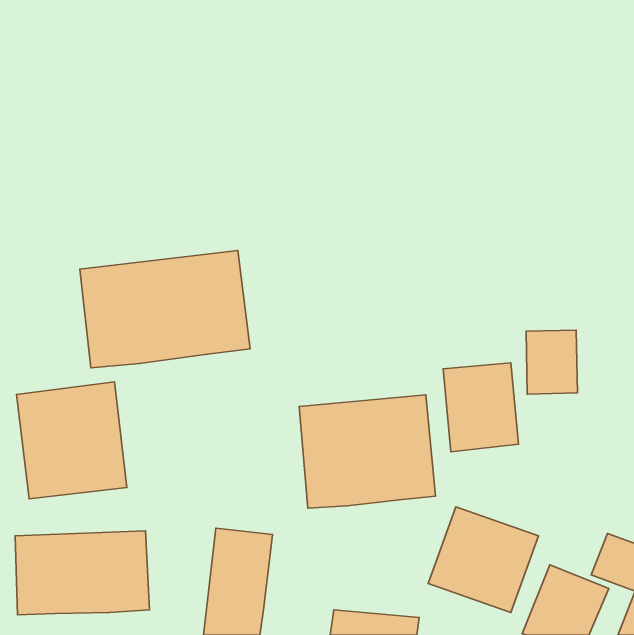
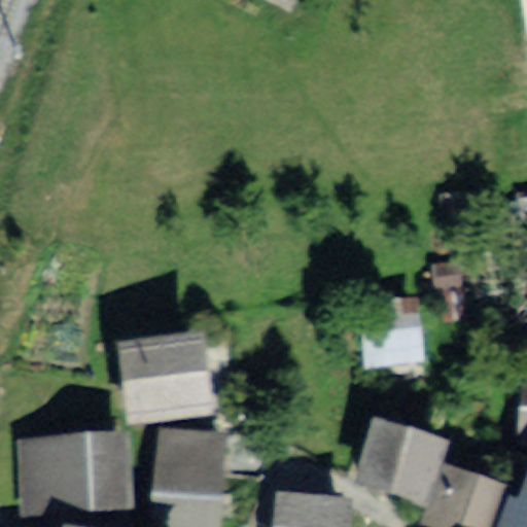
building: [80,250,250,368] -> none
building: [17,382,127,499] -> [114,332,205,428]
building: [299,395,436,508] -> none

